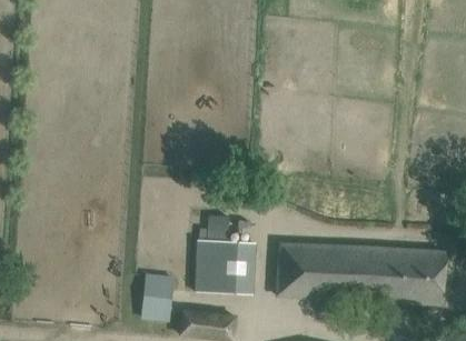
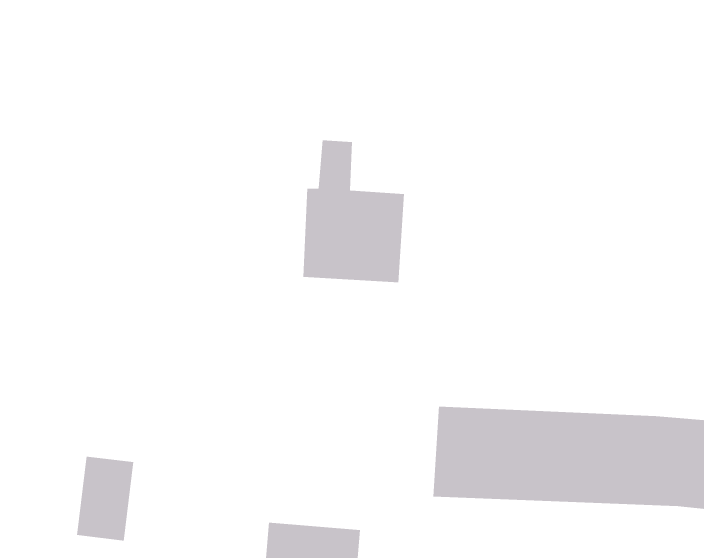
building: [197,213,256,295] -> [303,140,405,283]
building: [139,272,172,321] -> [76,456,134,541]

